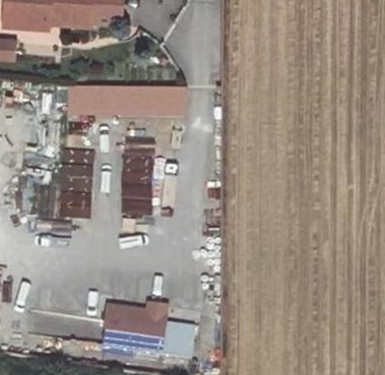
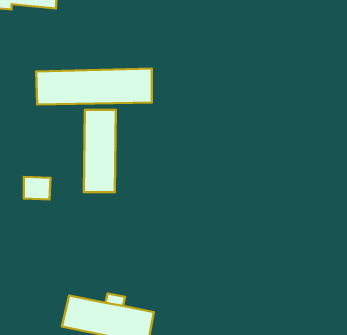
building: [57,141,94,177] -> none

